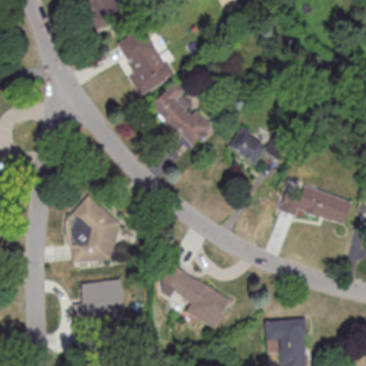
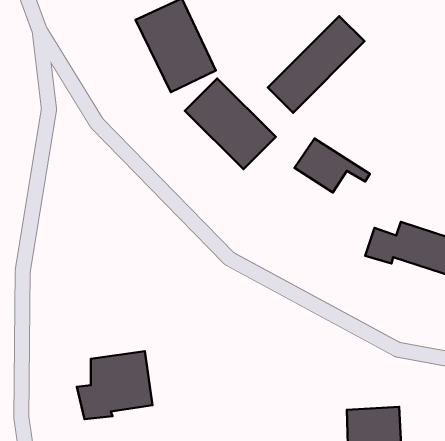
building: none -> [268,16,364,113]
building: [55,197,128,268] -> none
building: [158,263,230,327] -> none

